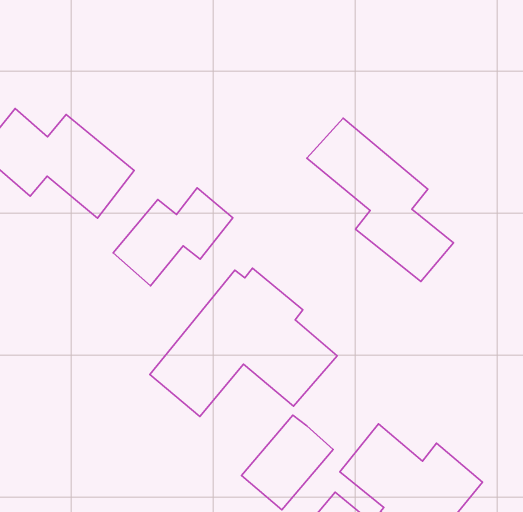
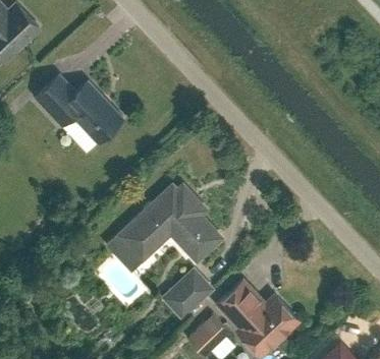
building: [307,118,454,281] -> none
building: [113,188,233,286] -> none

